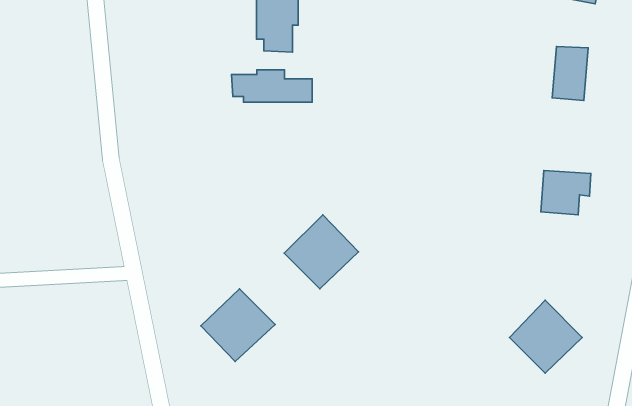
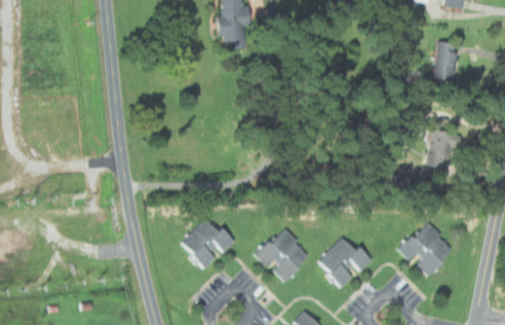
building: [232,70,312,102] -> none
building: [284,215,358,289] -> [255,227,308,281]
building: none -> [318,234,370,286]

